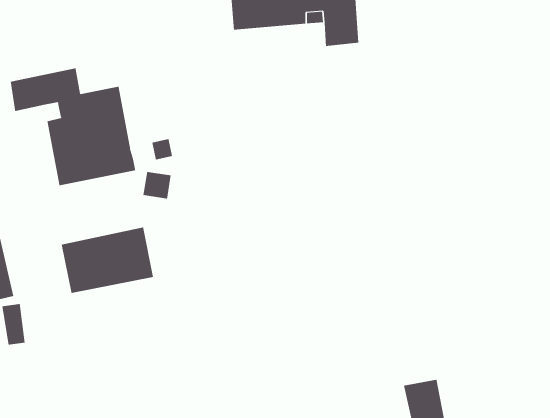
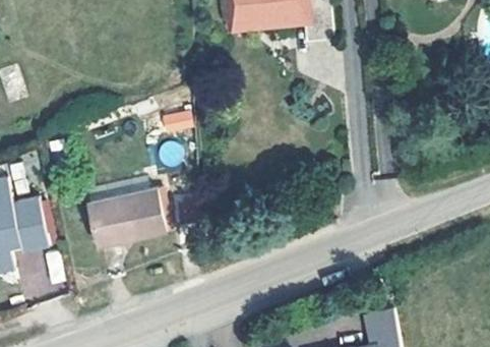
building: [10,68,136,186] -> none

